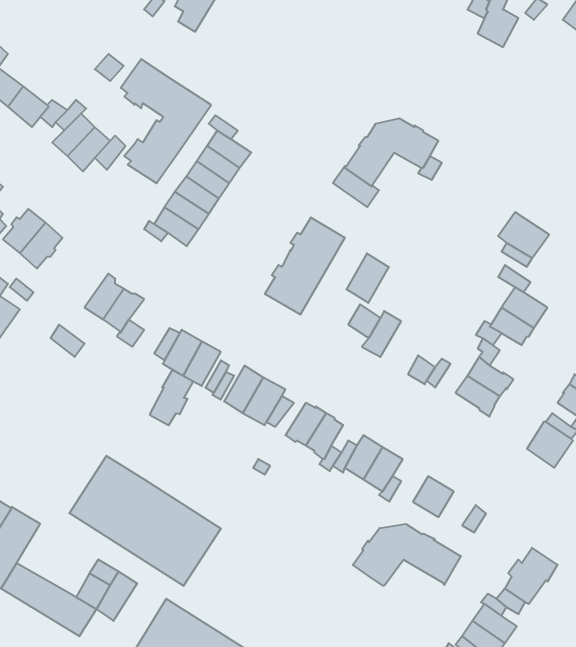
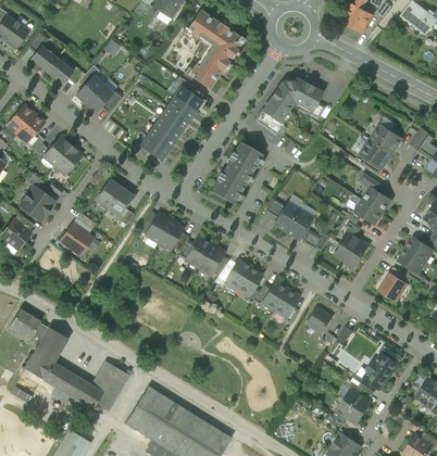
building: [121,59,211,183] -> [187,10,245,89]
building: none -> [371,125,401,153]
building: [346,253,389,303] -> [285,208,312,240]
building: none -> [60,223,93,255]
building: [150,370,193,425] -> none
building: [69,456,221,586] -> none
building: [353,524,461,586] -> none

